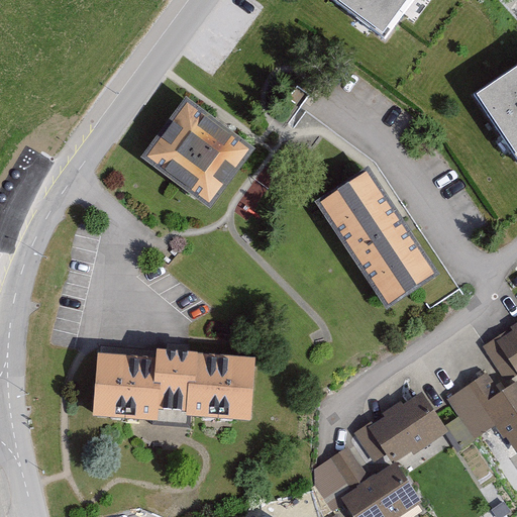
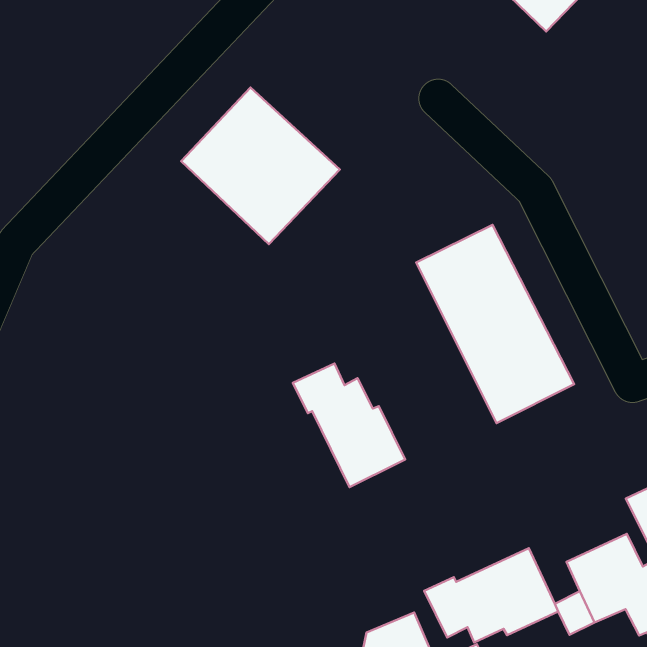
building: none -> [293,363,405,487]
building: [90,350,254,425] -> none

